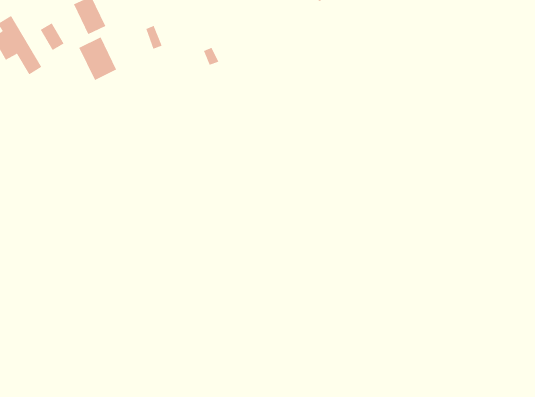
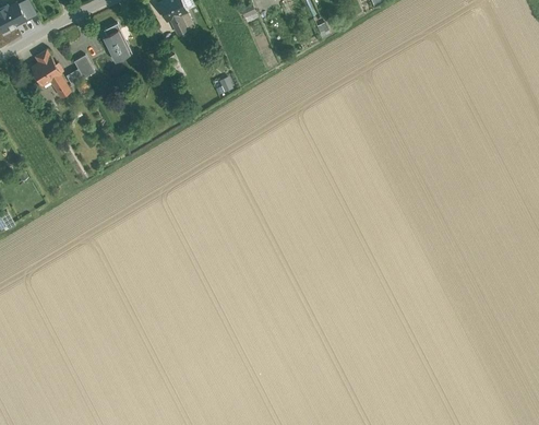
building: [79,36,117,81] -> none

